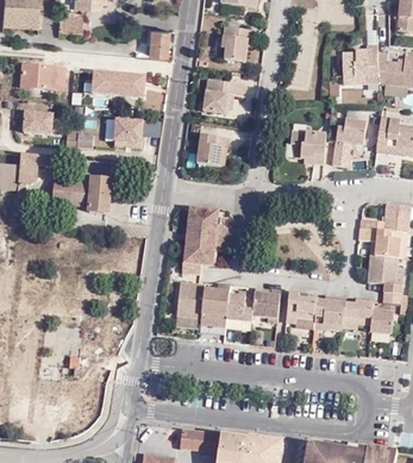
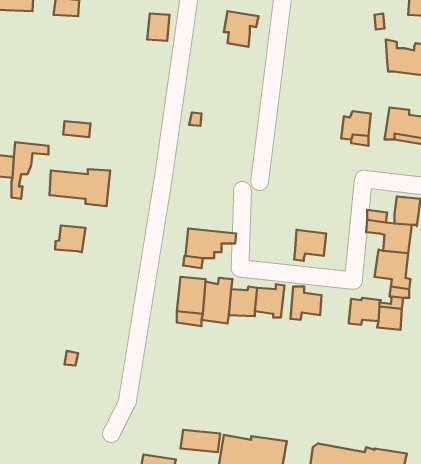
building: [343,46,380,83] -> none
building: [20,62,65,89] -> none
building: [90,68,145,95] -> none
building: [204,82,244,114] -> none
building: [20,107,52,134] -> none
building: [114,119,143,145] -> none
building: [293,124,330,162] -> none
building: [198,134,230,165] -> none
building: [187,207,234,239] -> none
building: none -> [55,225,85,252]
building: [313,299,344,329] -> [294,230,326,261]

